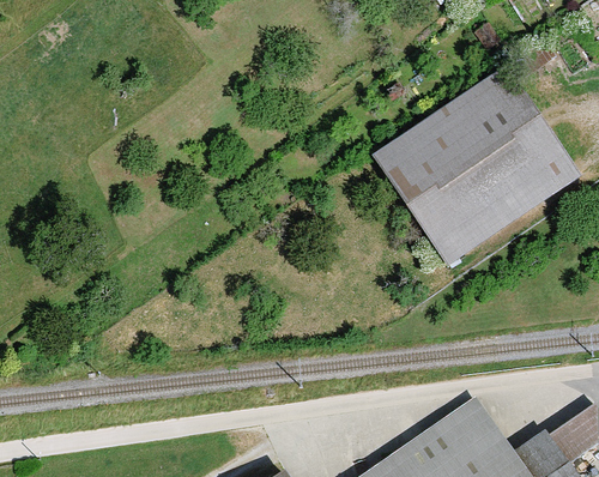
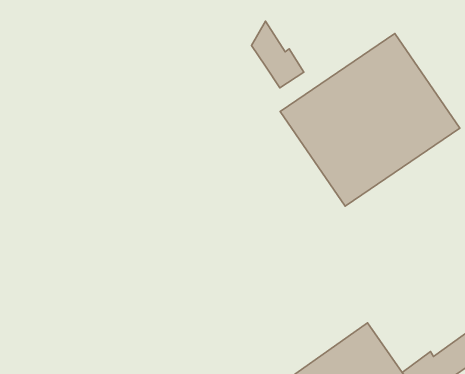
building: none -> [251,21,304,88]

